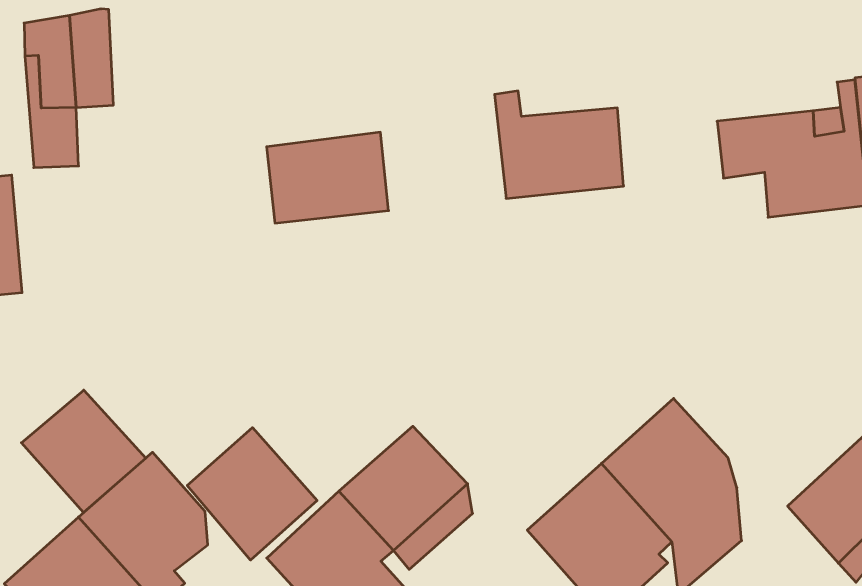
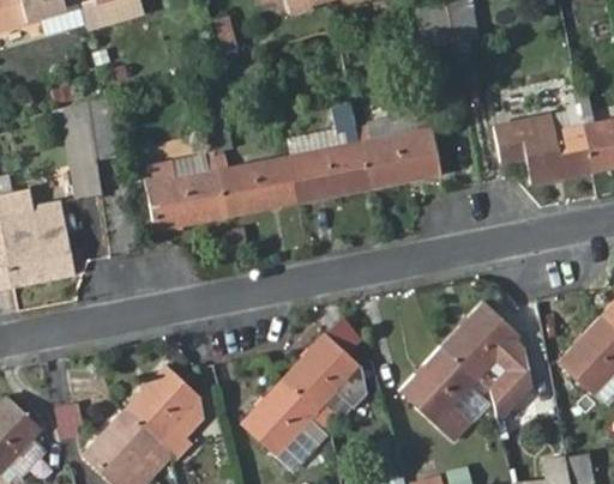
building: none -> [287,103,368,202]
building: none -> [142,153,227,230]
building: [21,390,146,513] -> none
building: [187,428,317,560] -> none

